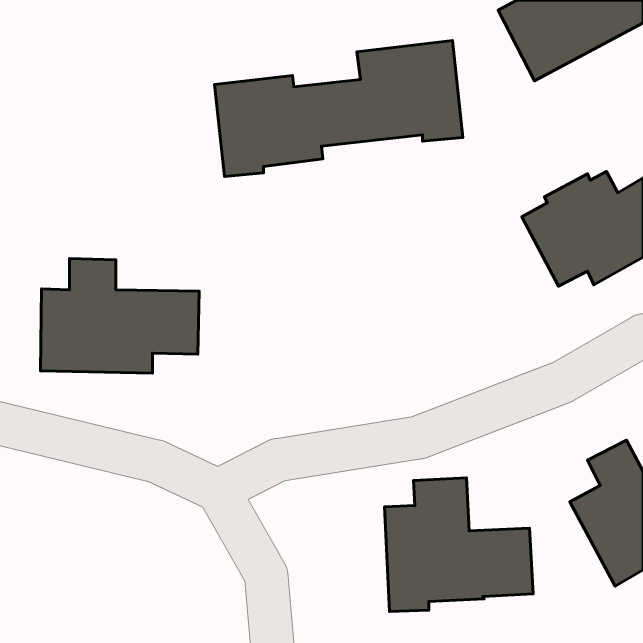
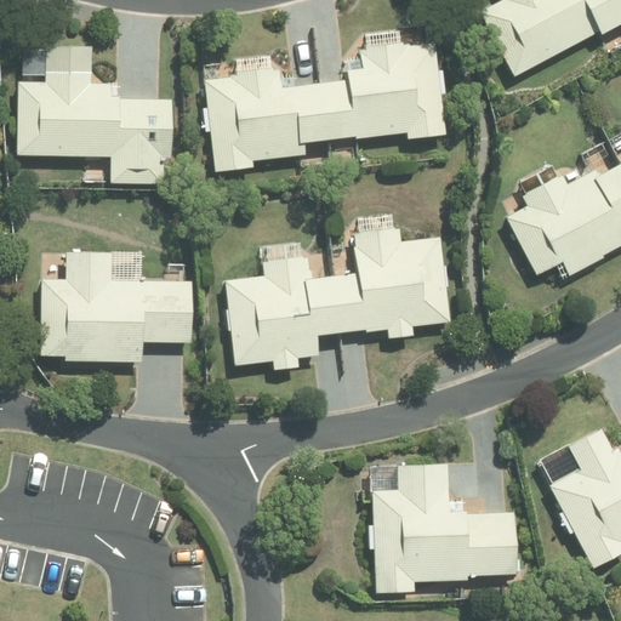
building: none -> [18,45,172,184]
building: none -> [226,224,449,370]

